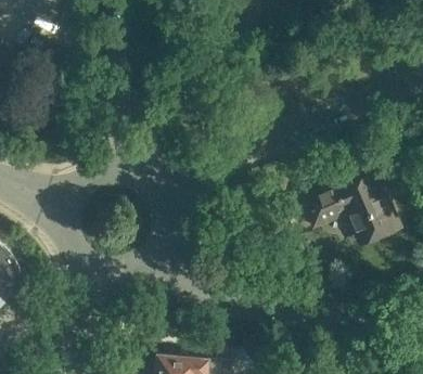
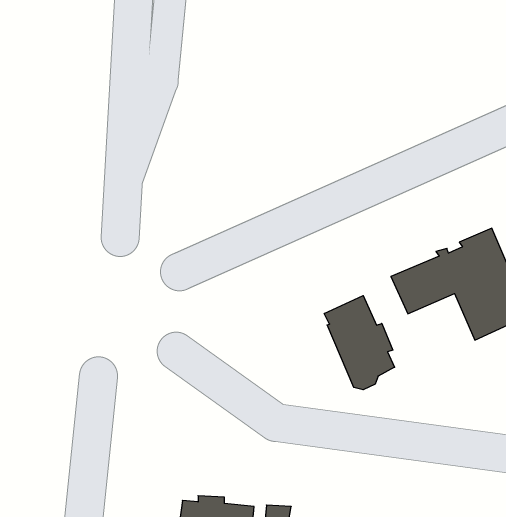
building: none -> [324,296,395,390]

